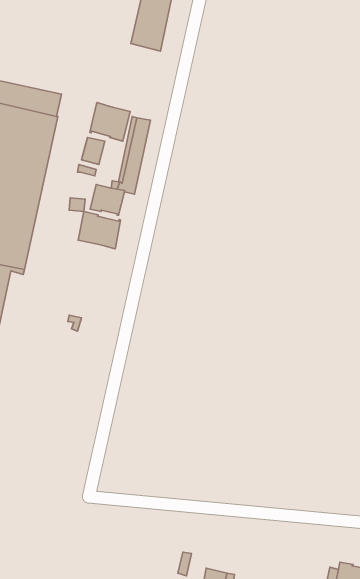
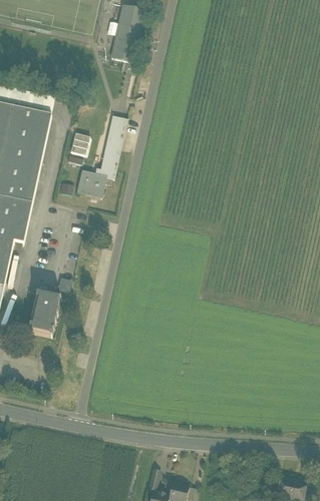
building: [90,102,130,141] -> none
building: [78,212,121,249] -> none
building: none -> [30,293,61,338]

